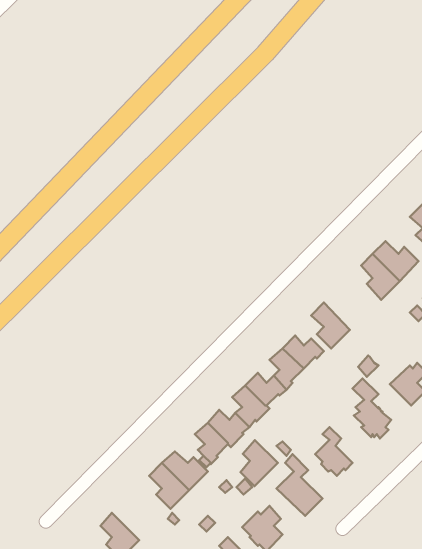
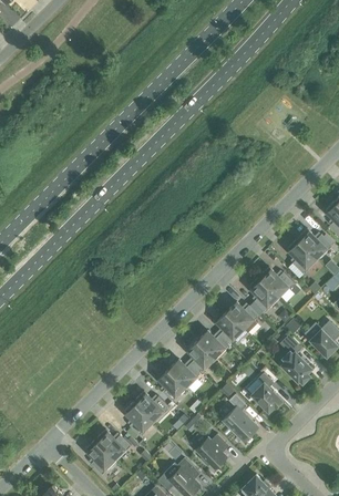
building: none -> [259,267,295,298]
building: [240,440,278,486] -> none
building: none -> [95,430,131,461]

